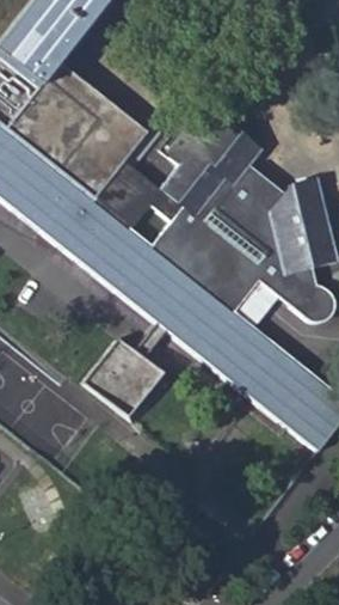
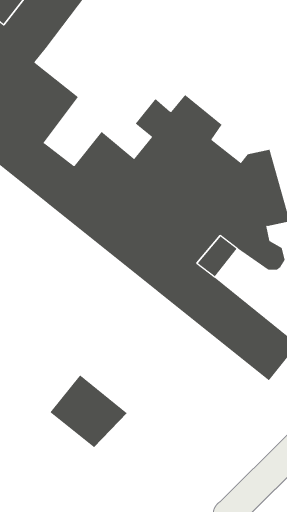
building: [43,59,146,196] -> none
building: [80,335,172,421] -> [49,375,128,448]

